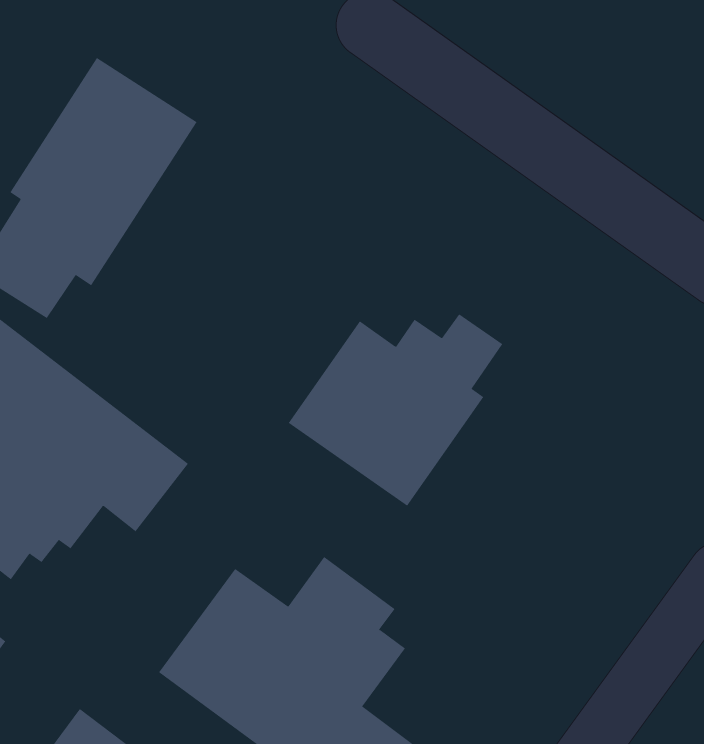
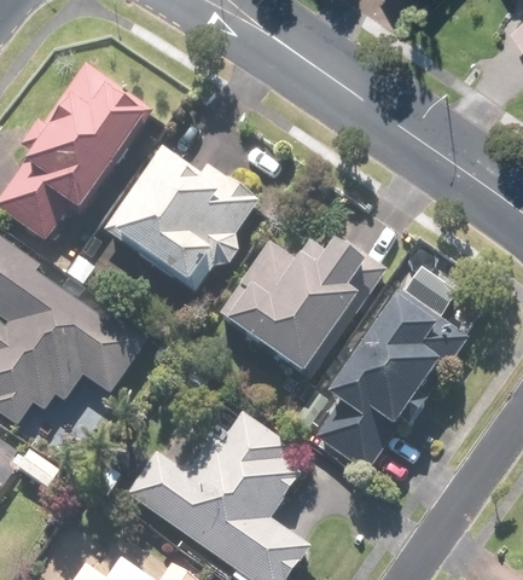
building: none -> [101,145,260,294]
building: none -> [314,266,469,474]

